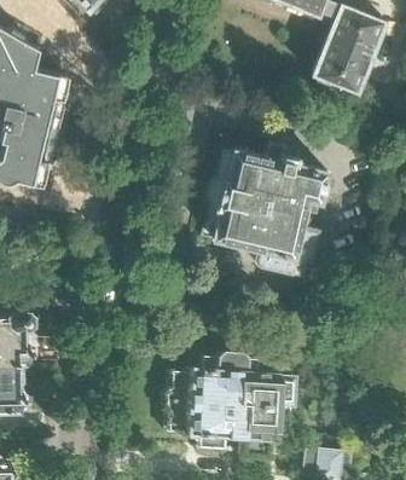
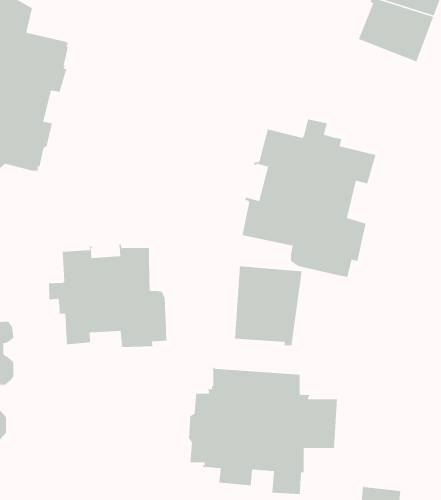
building: none -> [48,244,167,348]
building: none -> [234,265,302,346]

